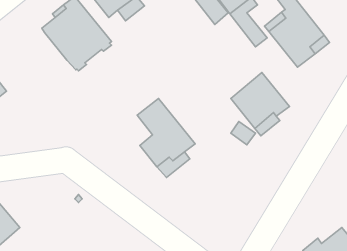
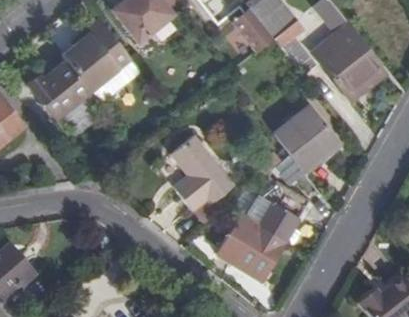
building: none -> [26,59,91,119]
building: none -> [217,180,308,281]

